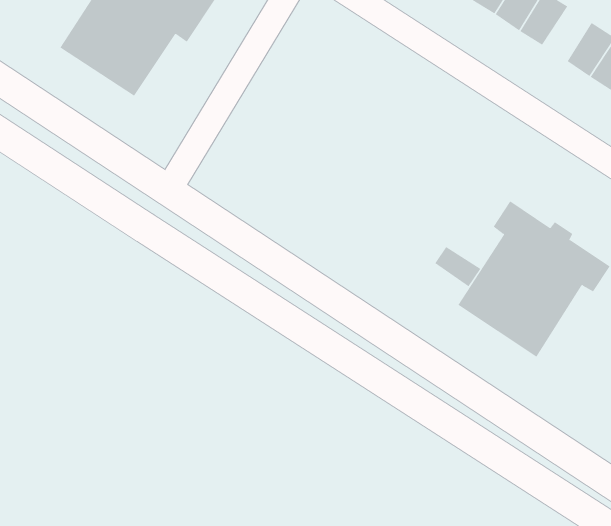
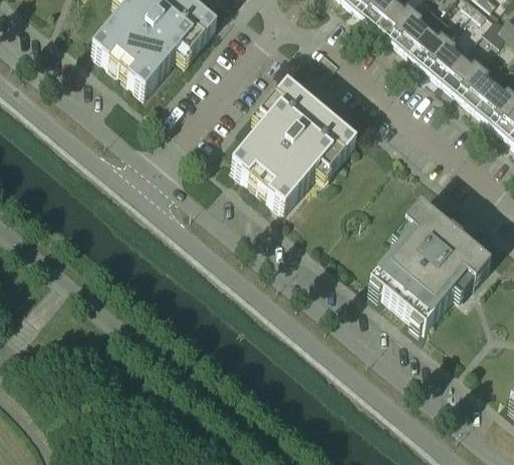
building: none -> [457,62,496,103]
building: none -> [230,80,354,207]
building: [434,246,481,287] -> none

